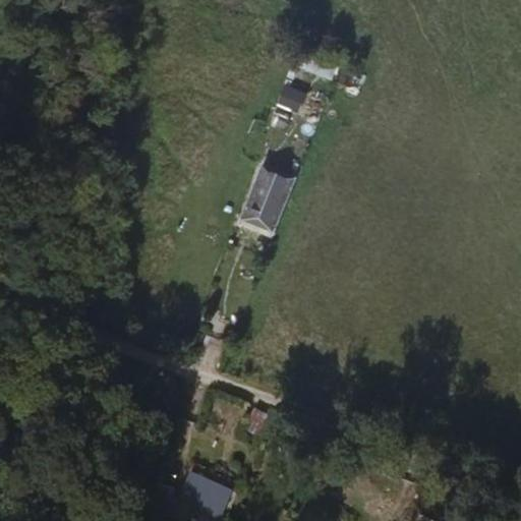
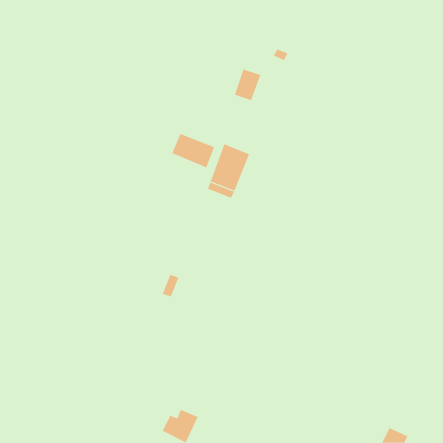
building: none -> [172,133,215,168]

